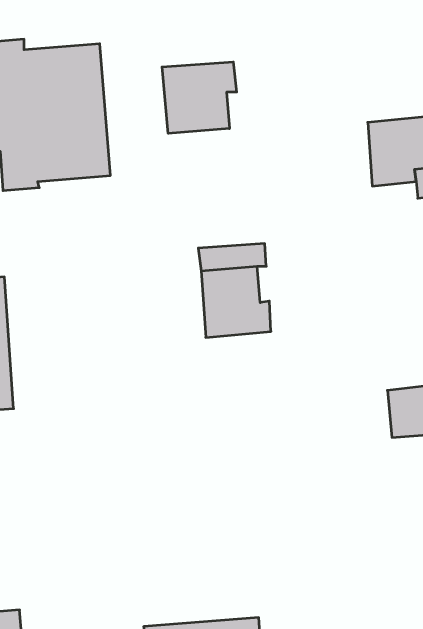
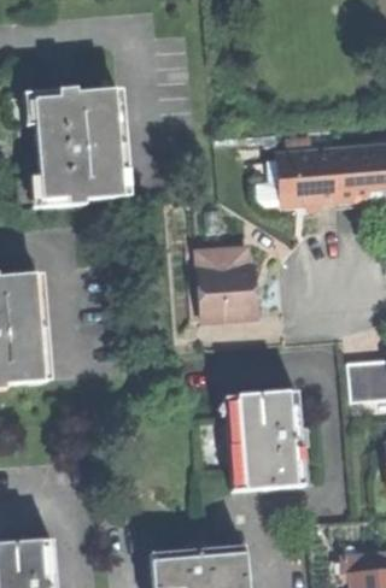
building: [162,62,237,133] -> none
building: none -> [275,151,334,206]
building: none -> [223,392,304,492]

